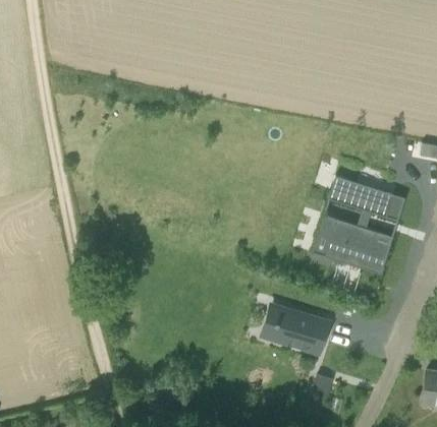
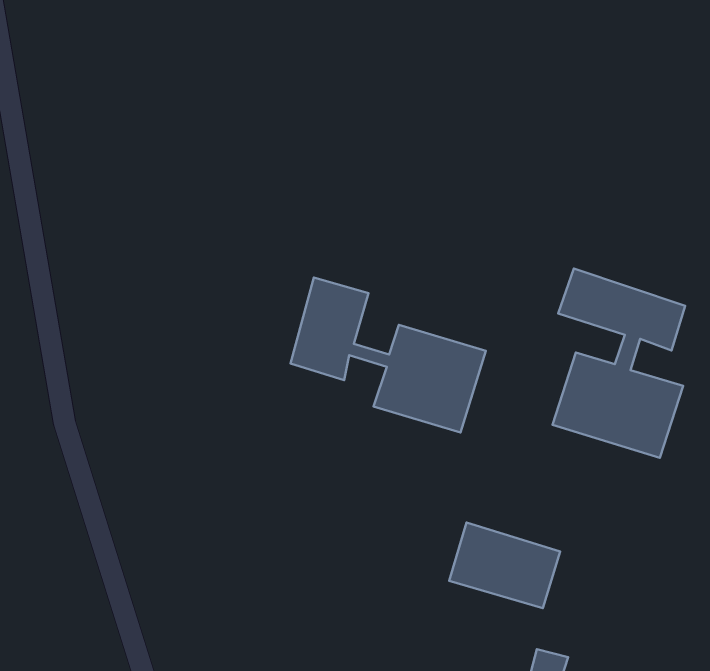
building: none -> [290,277,486,432]

